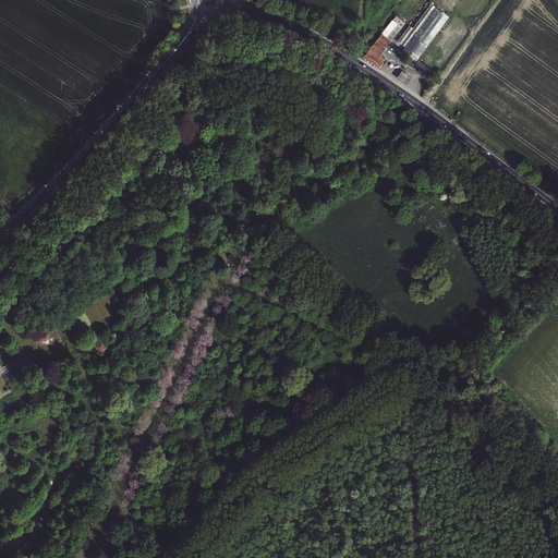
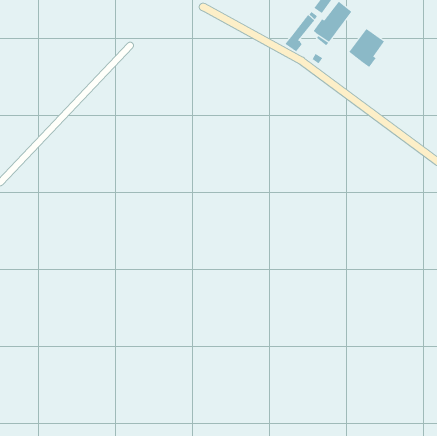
building: none -> [348,28,385,68]

